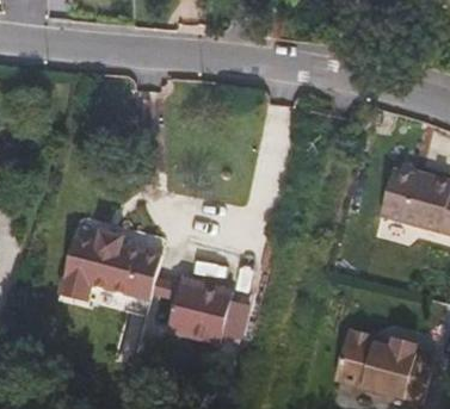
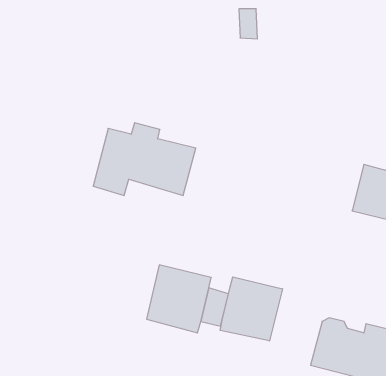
building: [56,227,162,302] -> [93,123,196,195]
building: none -> [220,277,283,341]

